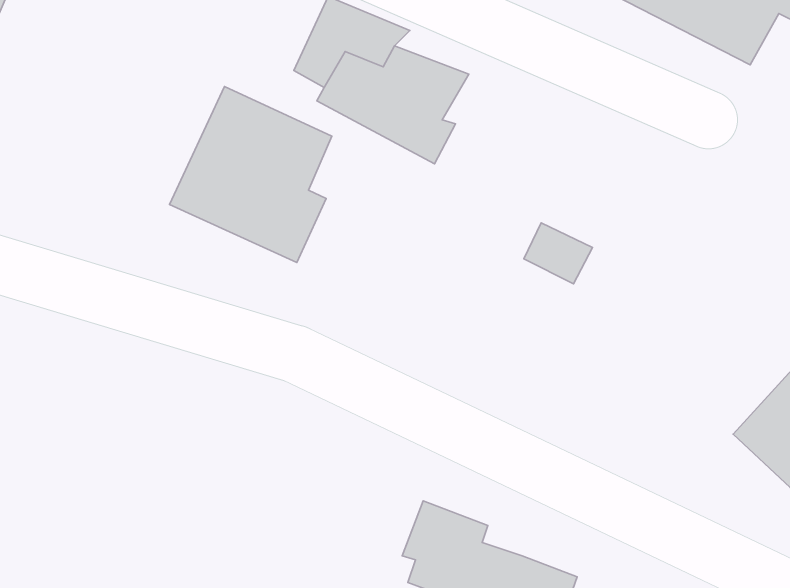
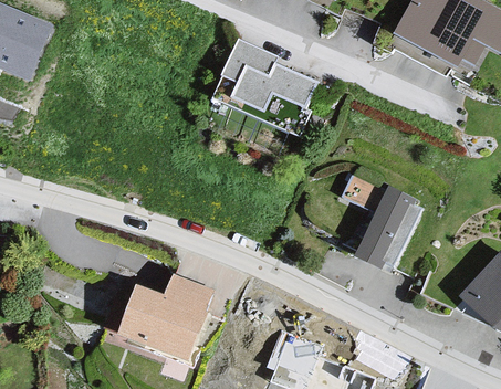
building: [170,86,332,263] -> none
building: none -> [356,186,419,265]
building: none -> [119,275,211,357]

